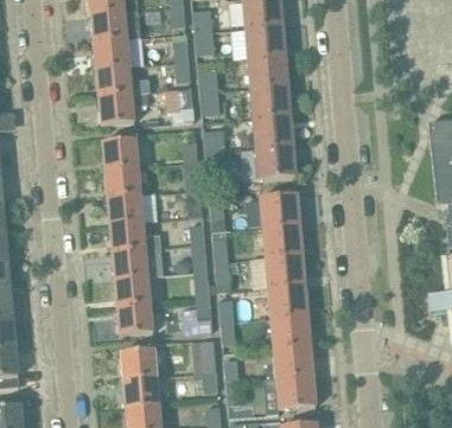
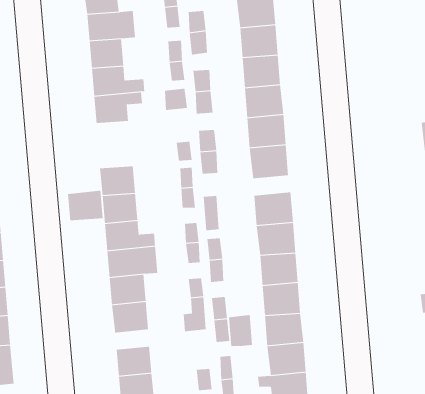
building: [102,140,139,171] -> [67,190,104,221]
building: [191,341,216,373] -> [228,315,253,346]

